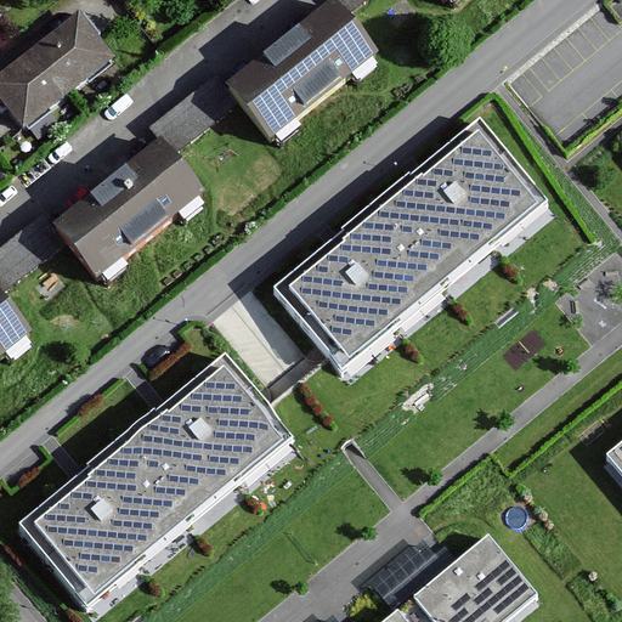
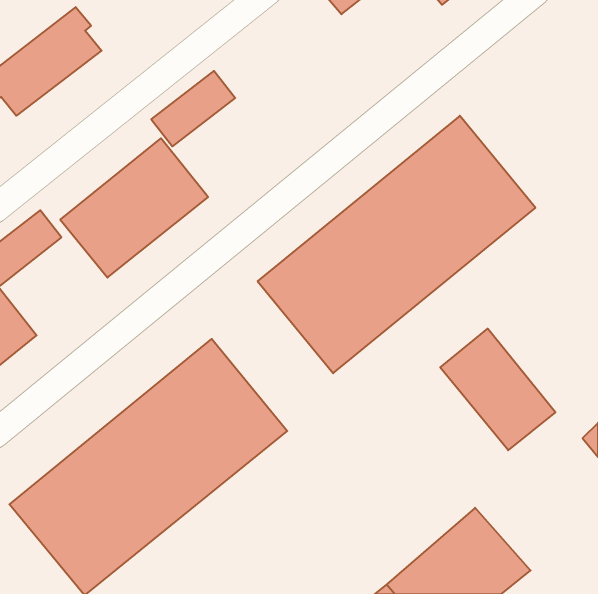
building: [234,5,386,148] -> none
building: none -> [440,329,555,450]

